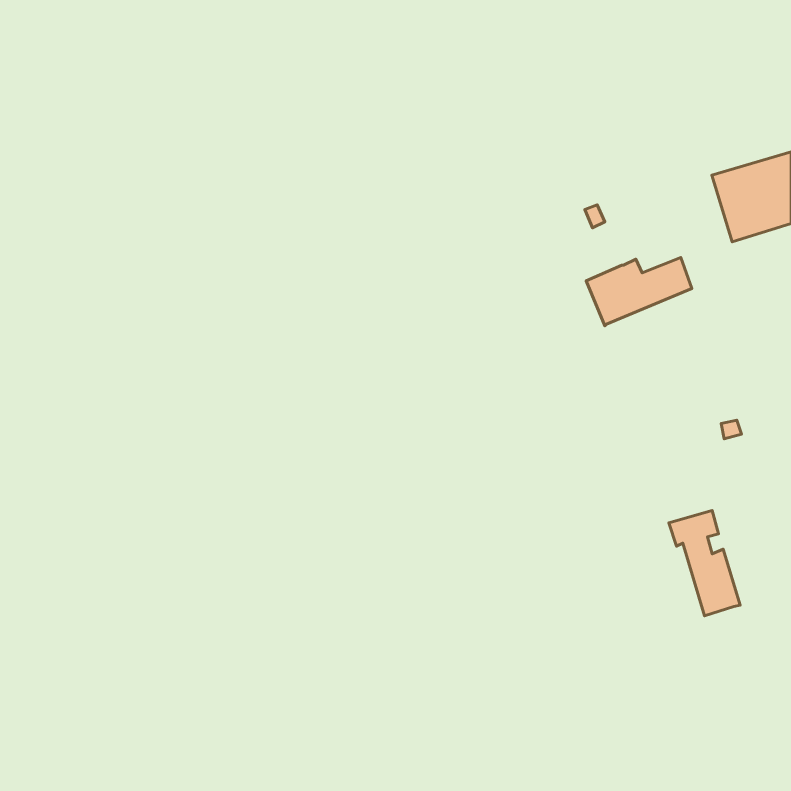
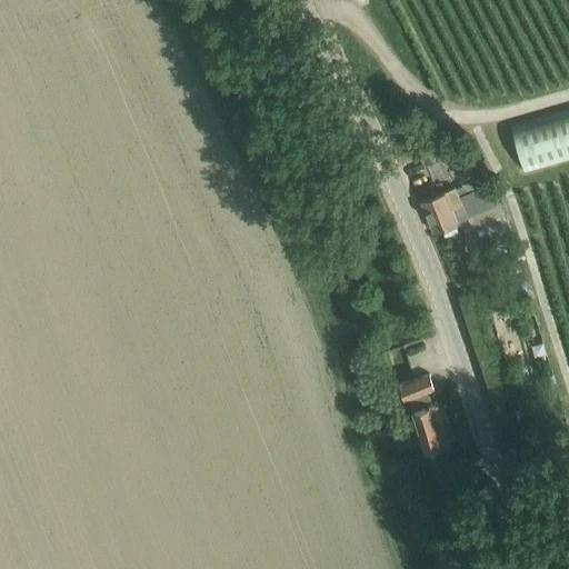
building: [669,510,740,616] -> [399,375,450,450]

